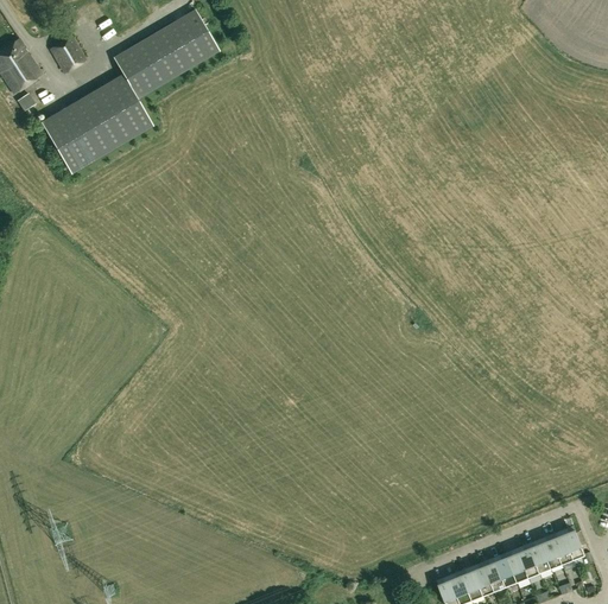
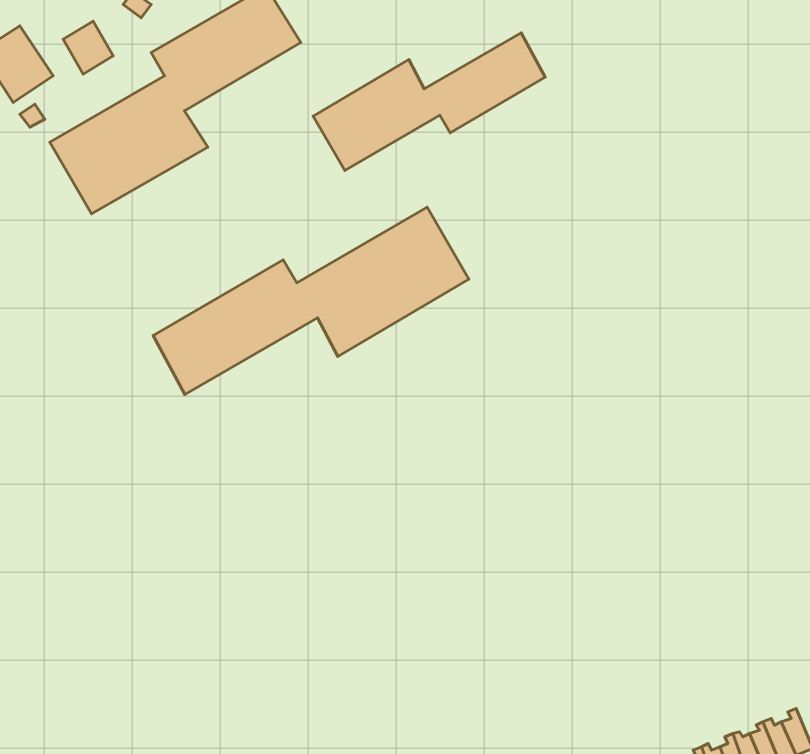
building: none -> [313,33,545,170]
building: none -> [153,207,469,394]

